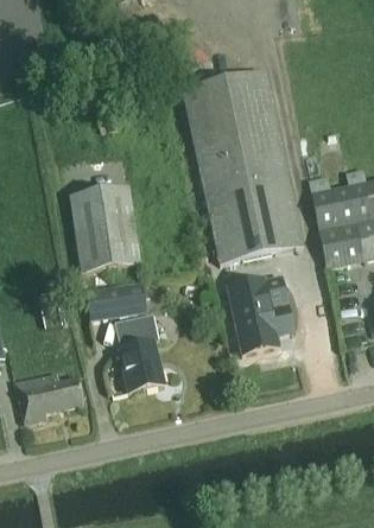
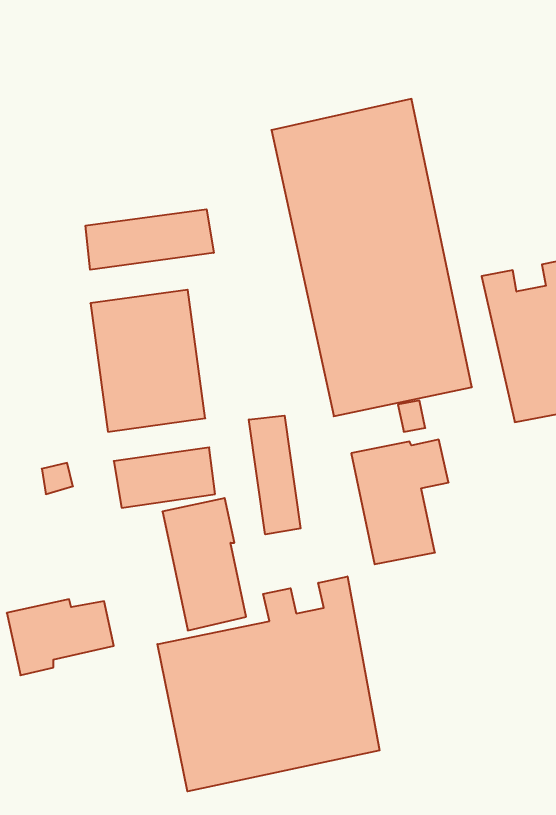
building: none -> [86,209,214,270]
building: none -> [249,416,301,534]
building: none -> [157,576,380,791]

